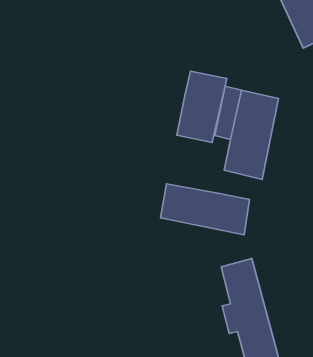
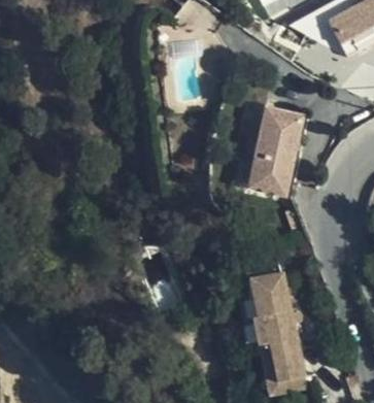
building: [177,71,227,143] -> none
building: [160,184,250,235] -> none

